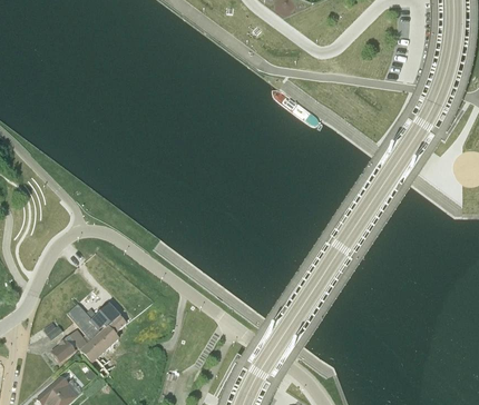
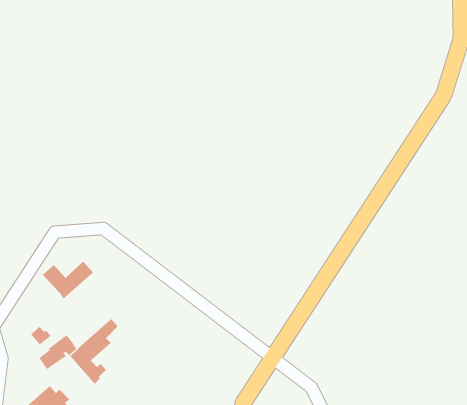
building: [69,304,118,340] -> [42,261,94,300]

